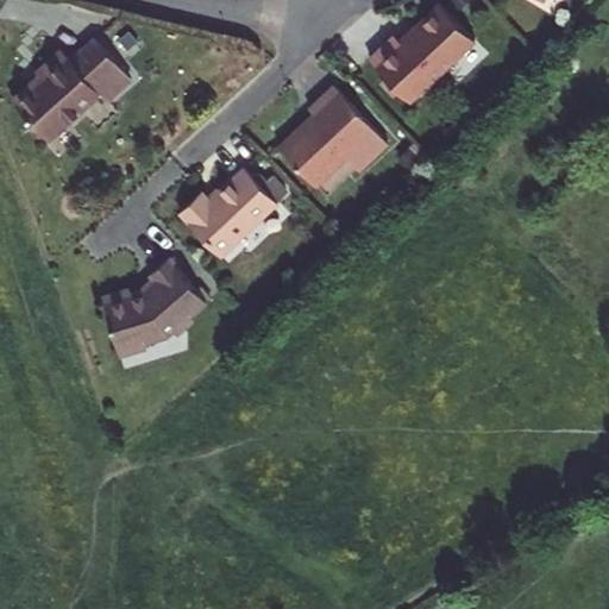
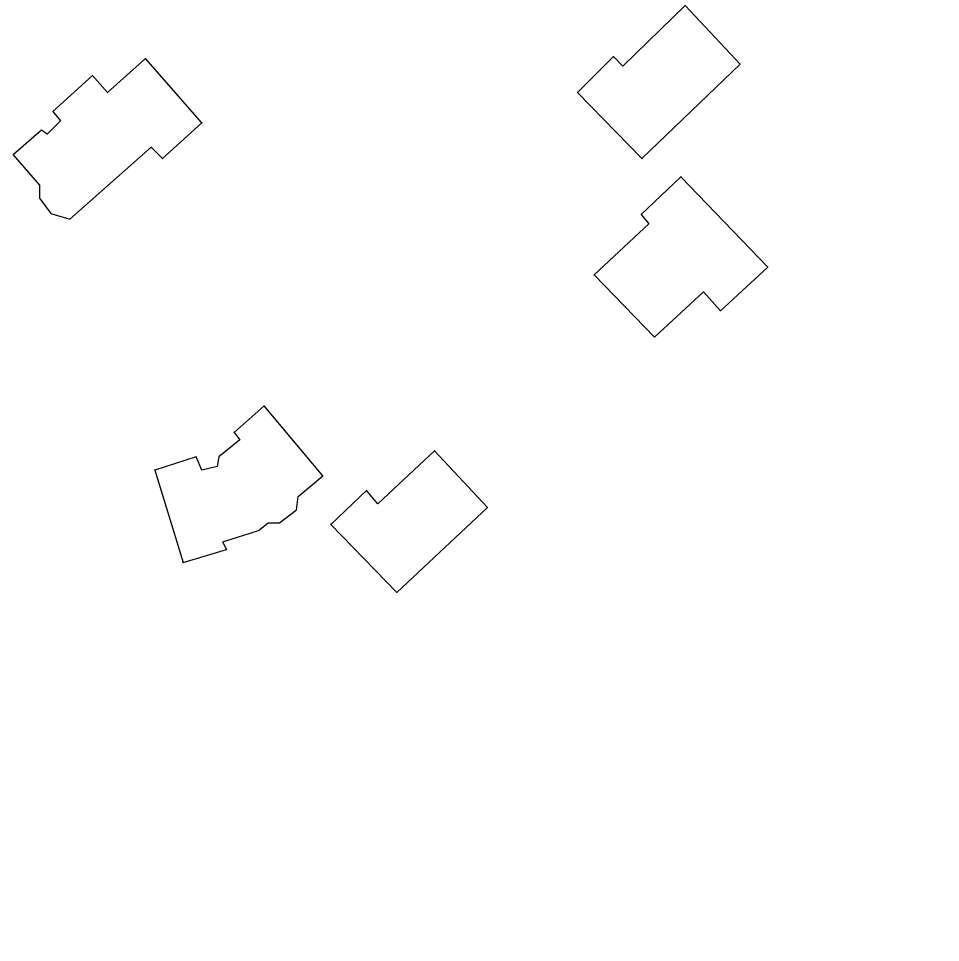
building: [280,90,389,192] -> [594,177,768,337]
building: [181,168,280,257] -> [331,451,487,592]

